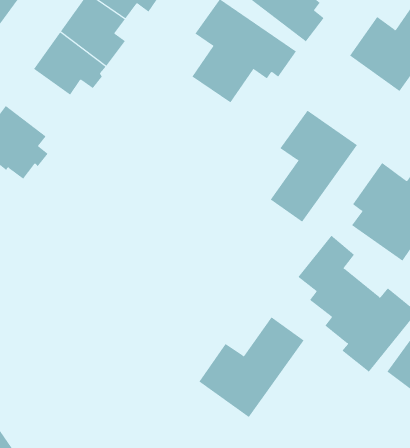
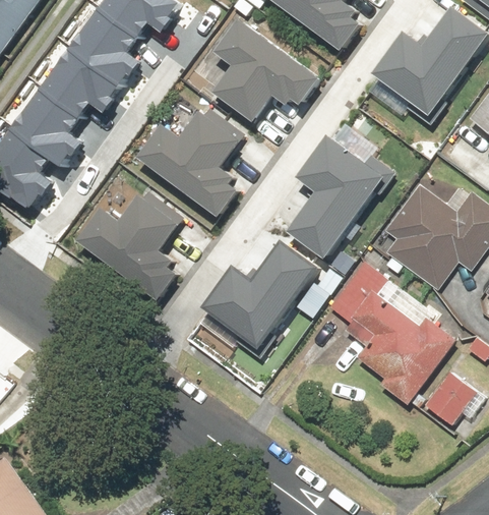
building: none -> [12,88,90,166]
building: none -> [138,104,248,218]
building: none -> [76,182,186,296]
building: [199,316,305,418] -> [206,235,319,343]

